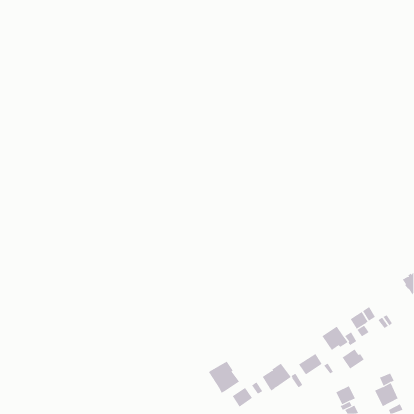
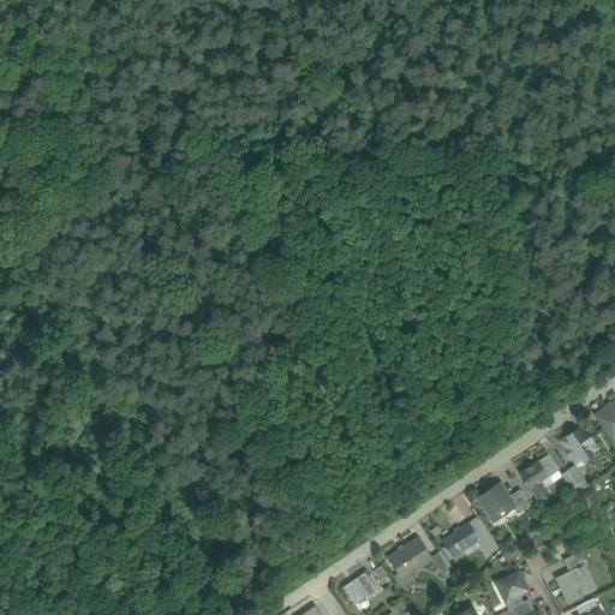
building: none -> [560,430,595,464]
building: [342,348,365,370] -> none
building: [208,361,240,394] -> none

